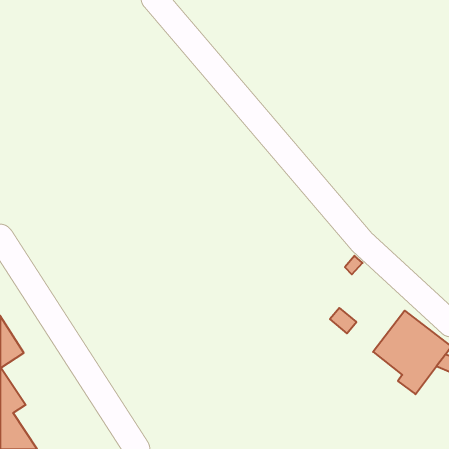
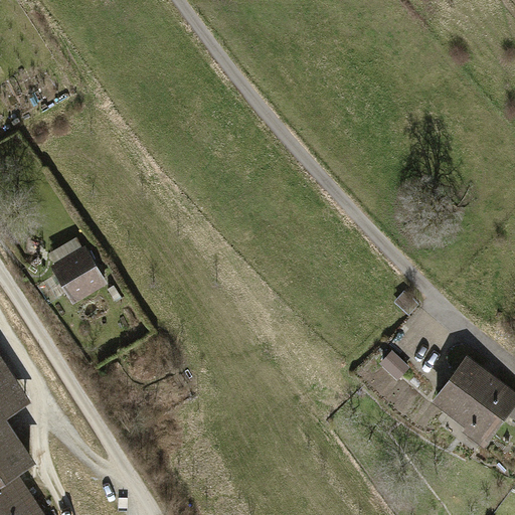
building: none -> [49,245,106,303]

